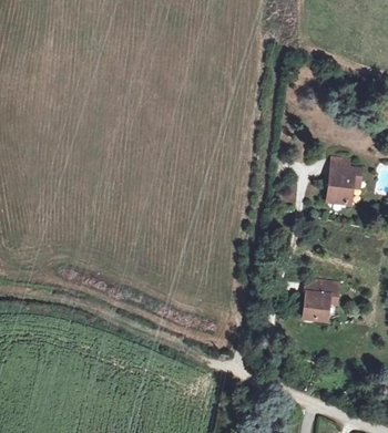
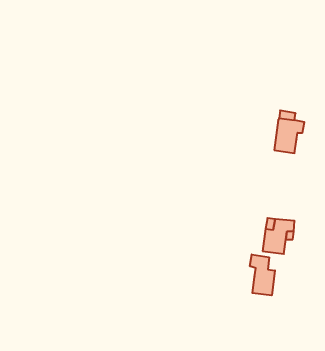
building: none -> [250,254,275,295]

